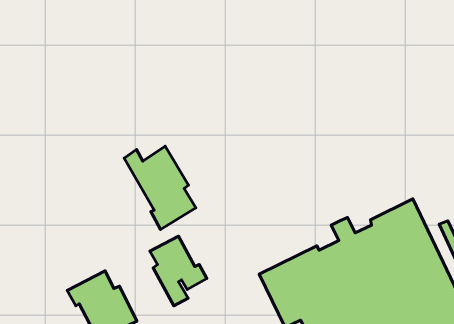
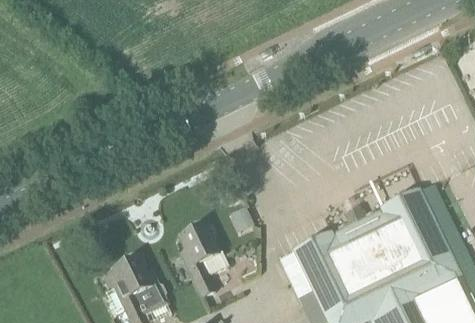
building: [124,146,196,230] -> none

